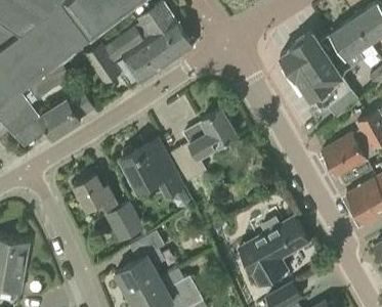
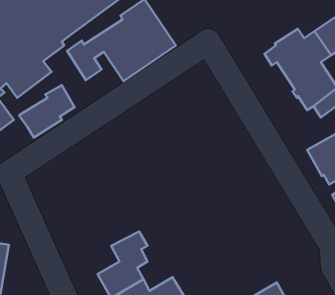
building: [170,108,236,180] -> none
building: [120,138,183,200] -> none
building: [75,174,143,242] -> none
building: [252,216,308,281] -> none

